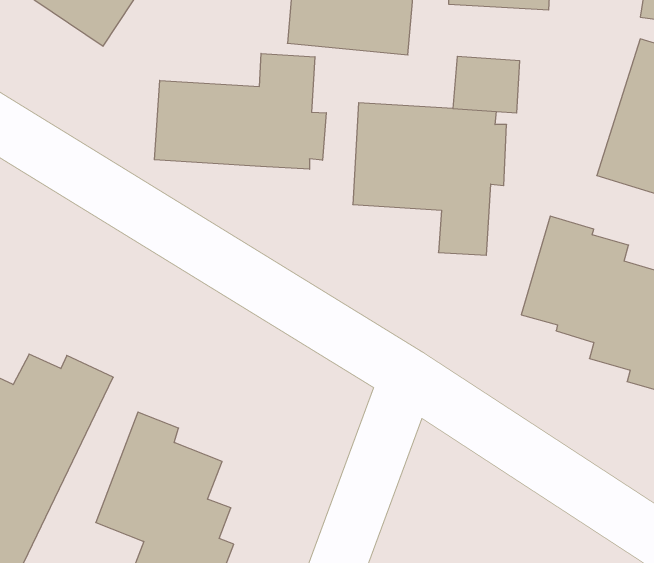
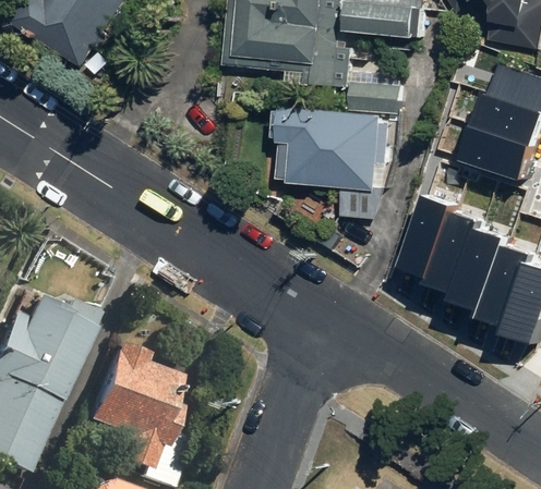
building: [154,53,326,169] -> none

